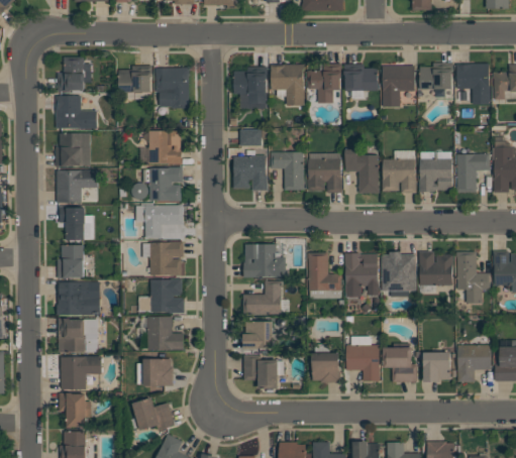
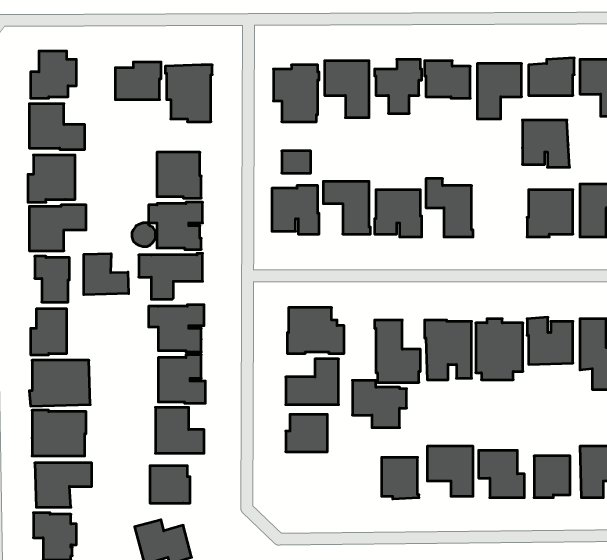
building: [383,159,417,194] -> [522,120,570,167]
building: none -> [84,254,129,295]
building: [244,355,284,389] -> [352,380,407,428]

